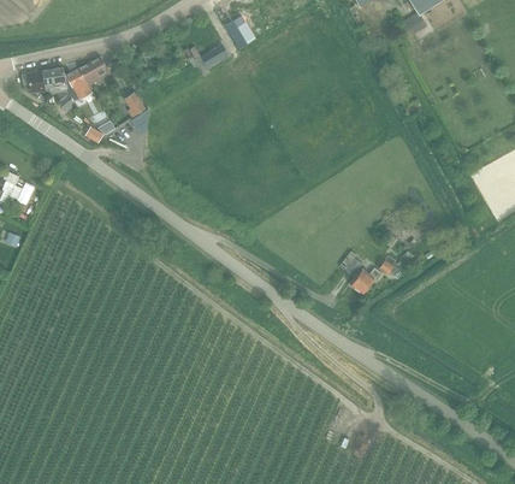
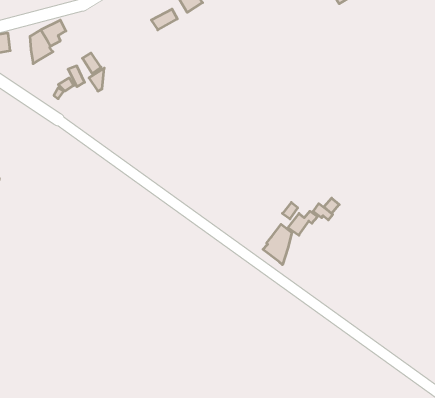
building: [42,67,70,110] -> none
building: none -> [263,224,292,265]

